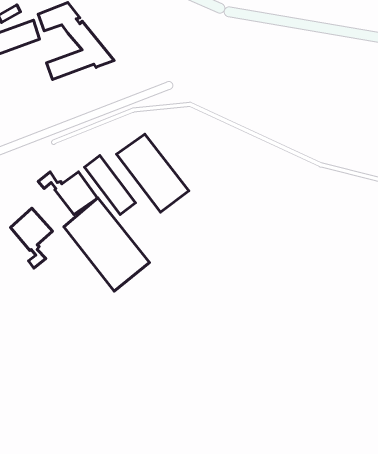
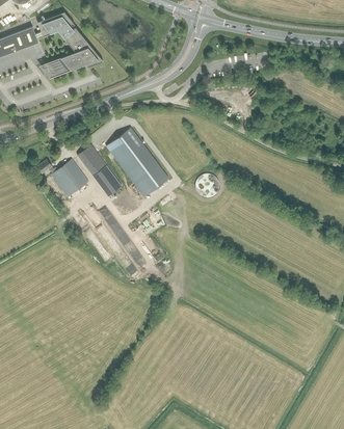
building: [64,198,150,291] -> none
building: [10,208,52,268] -> none

